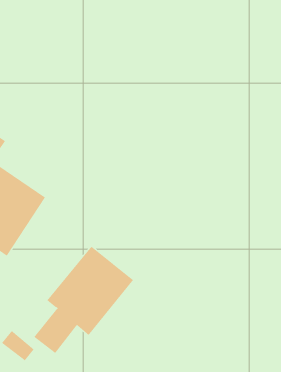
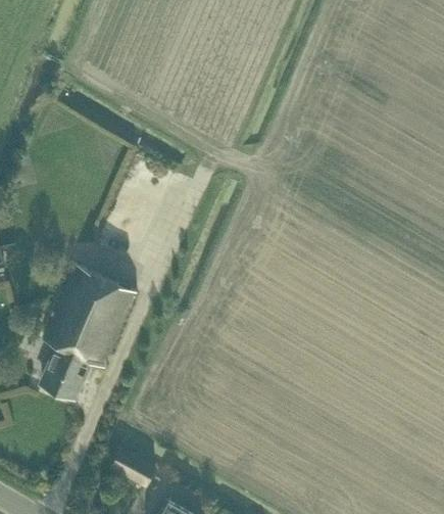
building: [34,246,134,354] -> none

